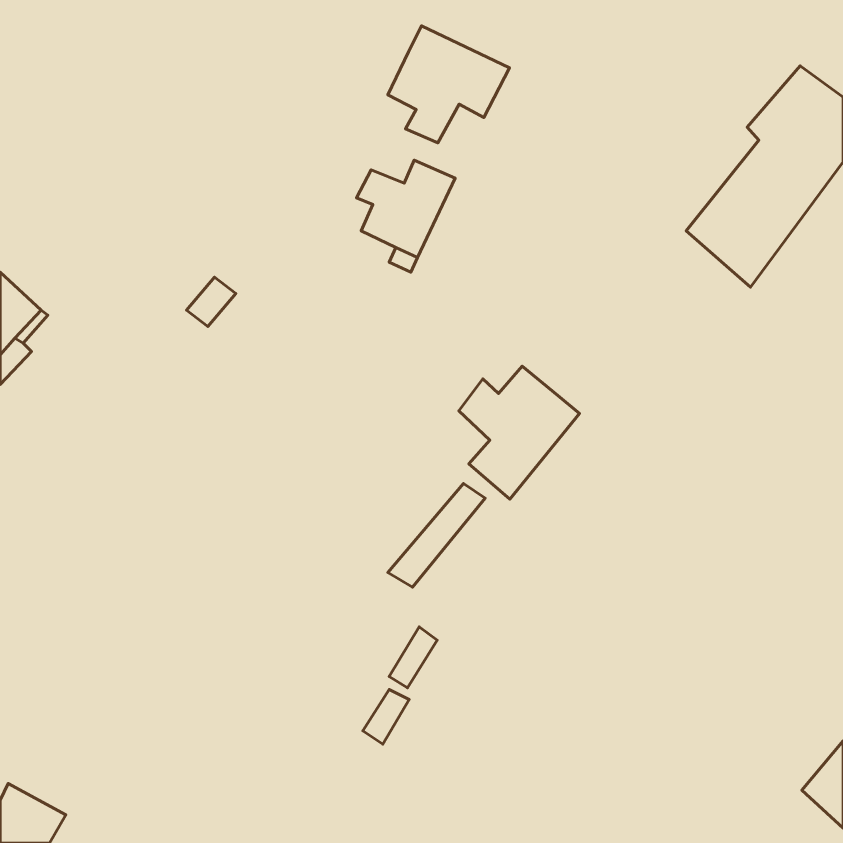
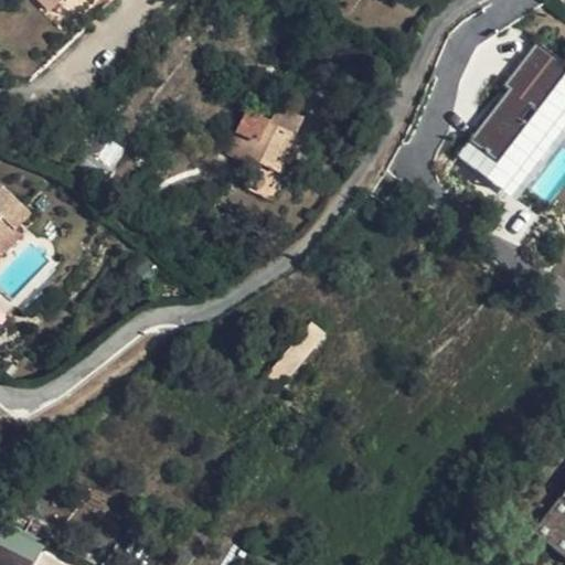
building: [388,26,509,143] -> none
building: [459,366,579,499] -> none

